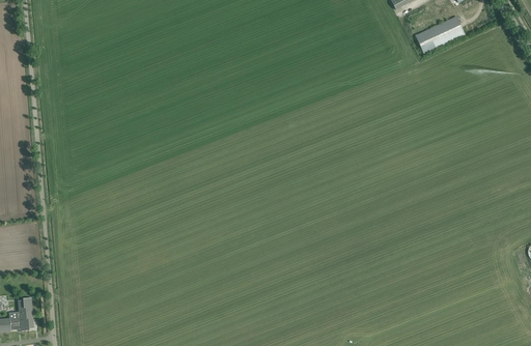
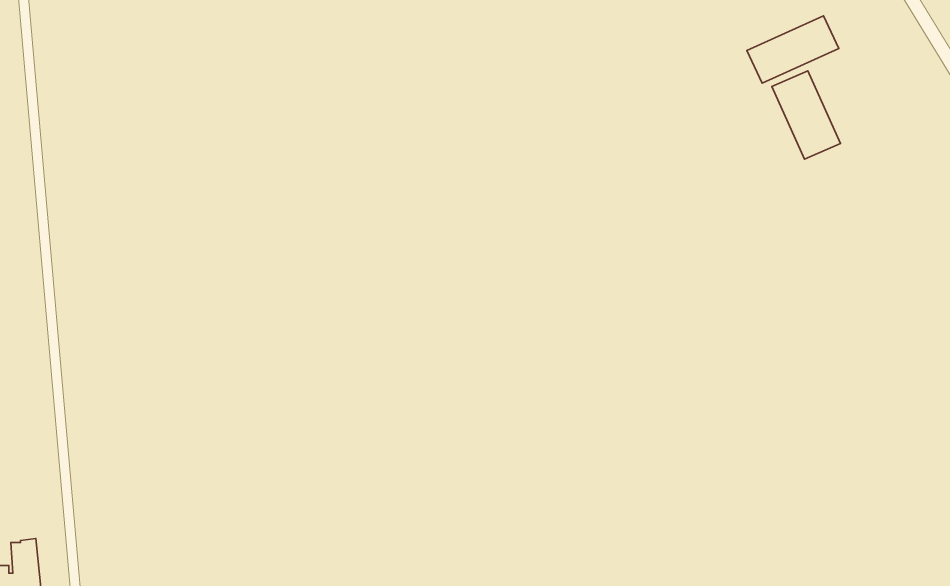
building: none -> [772,71,841,159]

